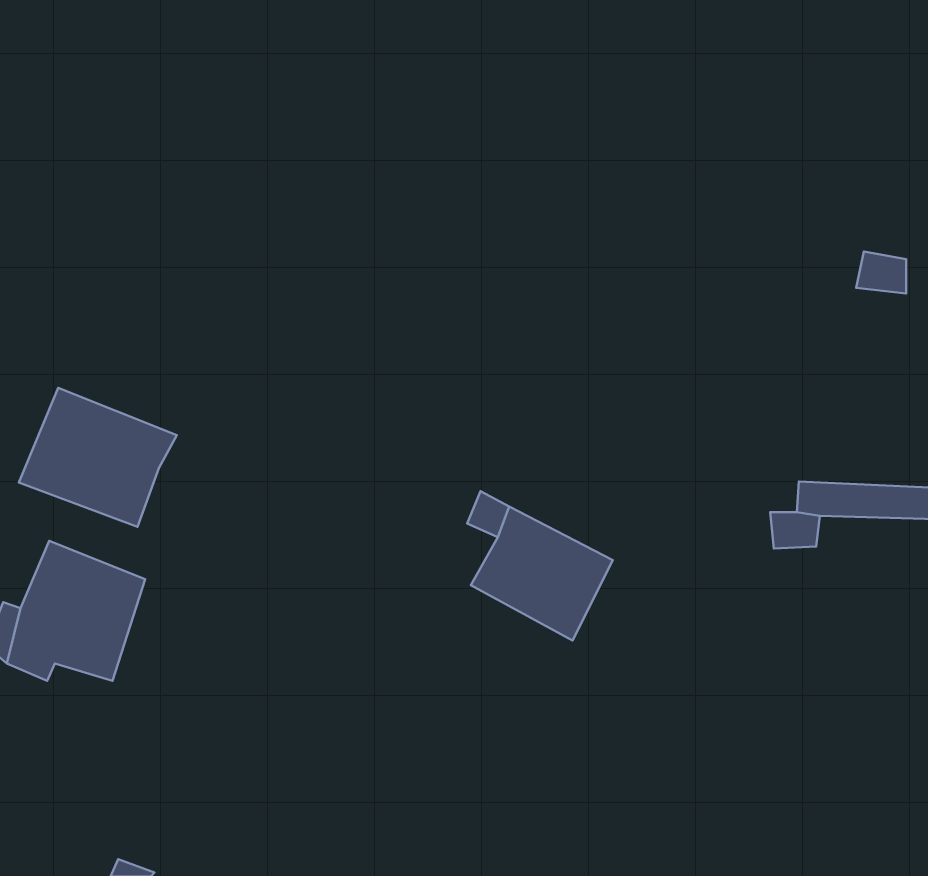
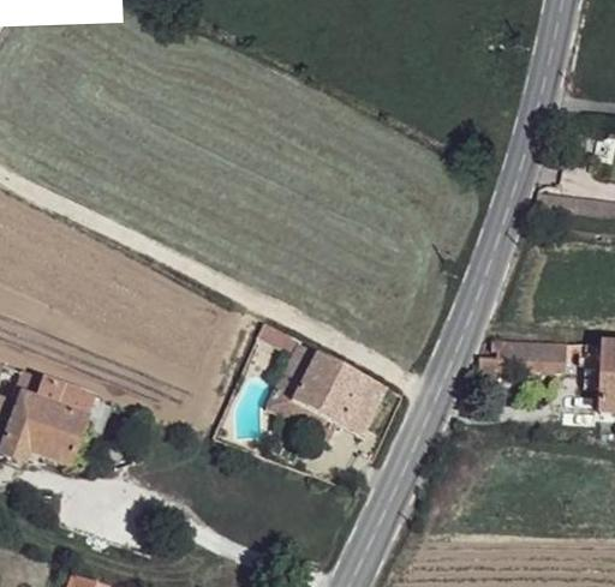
building: [19,388,177,527] -> none

